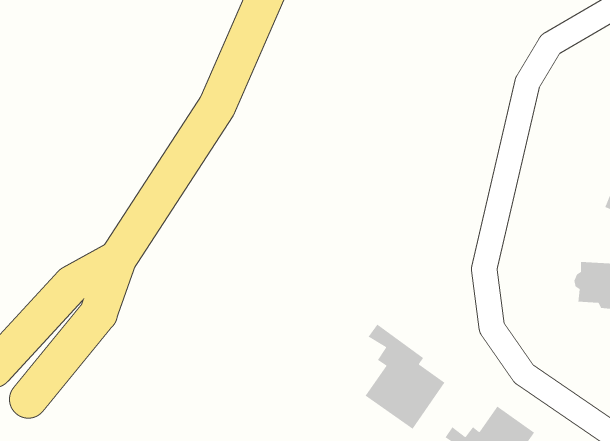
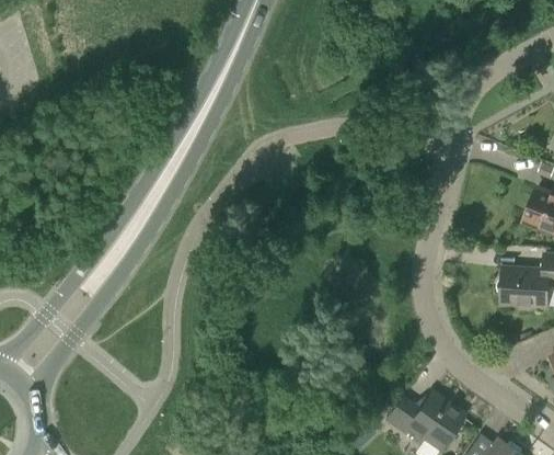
building: [364,324,446,430] -> none

